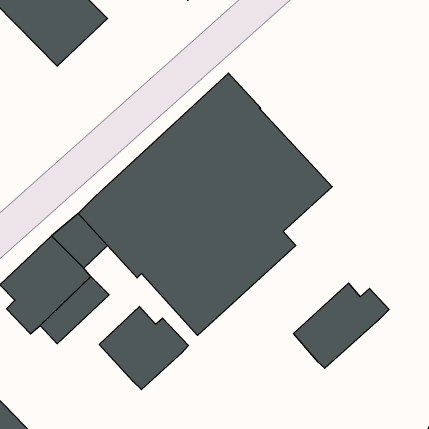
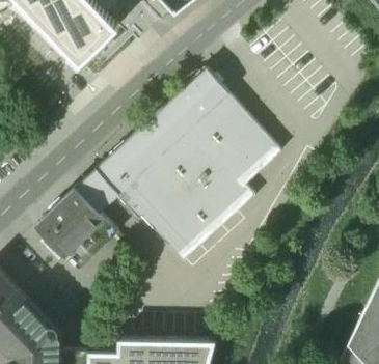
building: [294,283,389,368] -> none
building: [99,306,188,390] -> none

